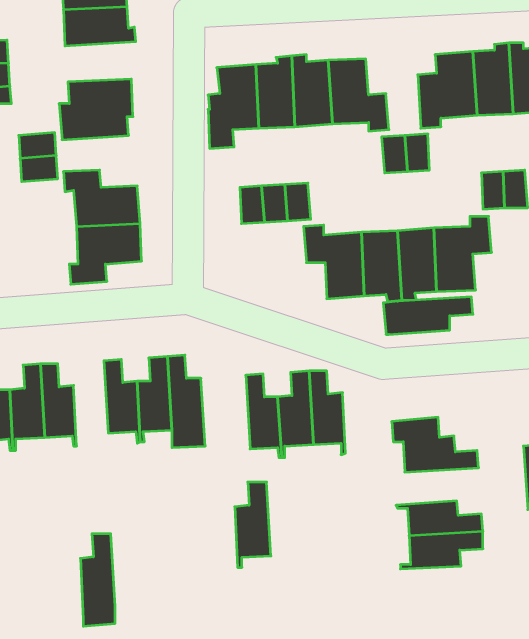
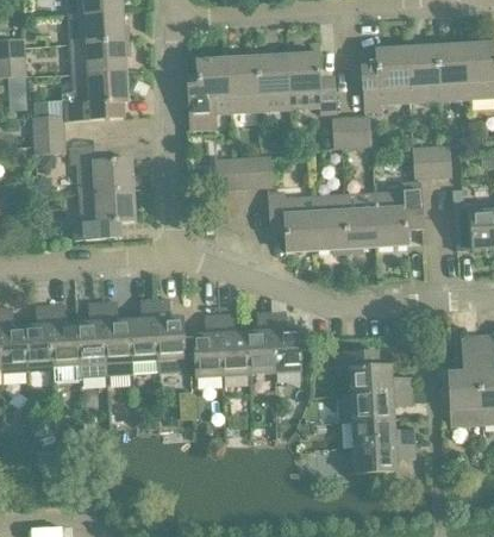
building: none -> [70,39,129,73]
building: [383,297,473,334] -> [338,391,412,422]
building: [235,482,271,567] -> [193,314,223,385]
building: [80,534,115,626] -> [77,302,106,379]

